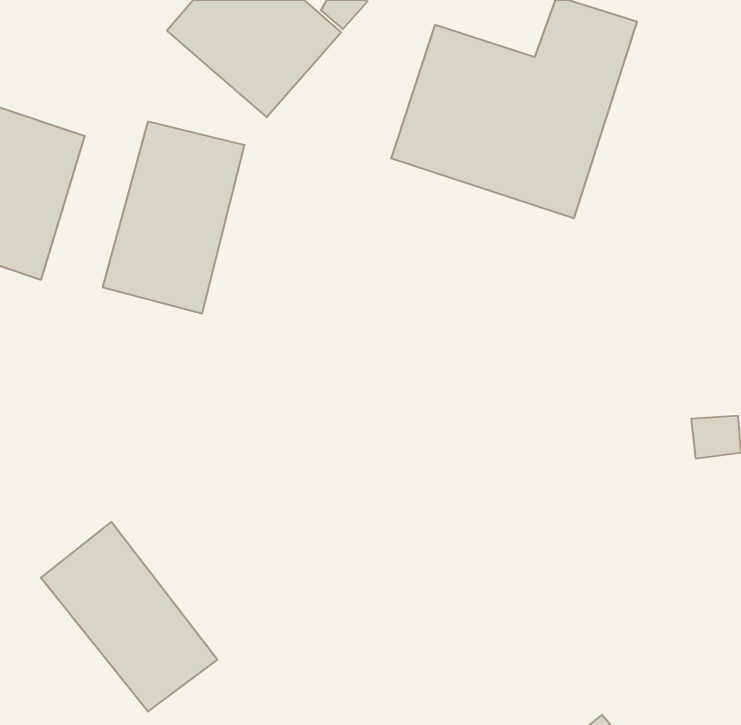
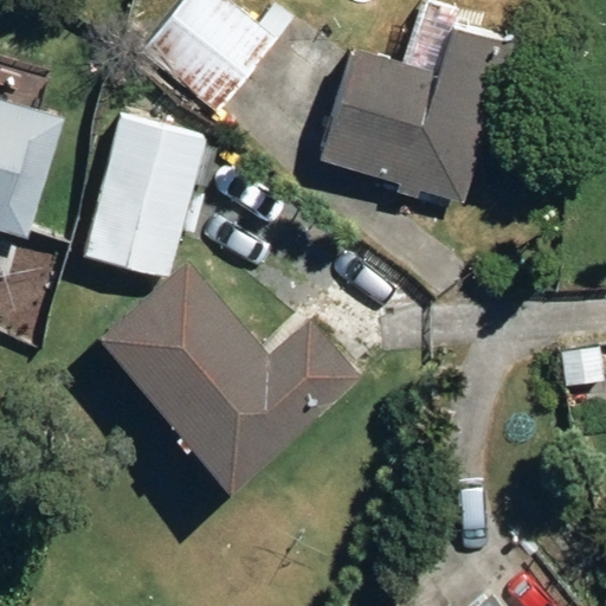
building: none -> [103,253,355,478]
building: [41,522,217,712] -> none

